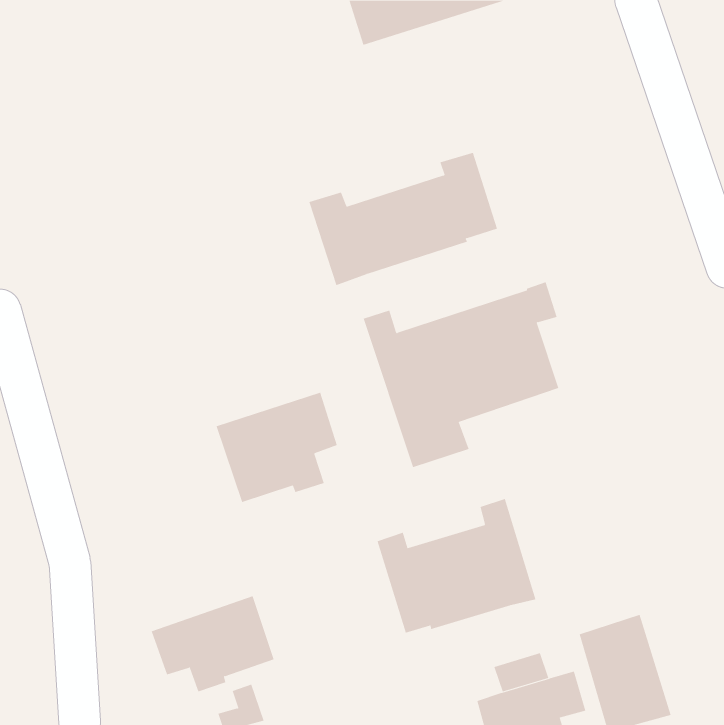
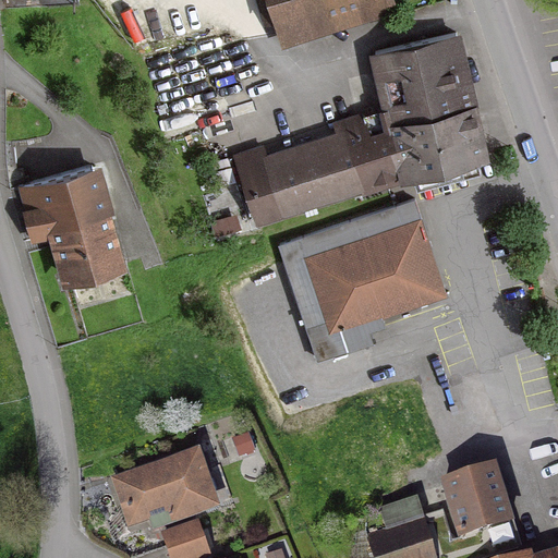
building: none -> [375,34,485,178]
building: none -> [21,167,120,279]
building: [216,392,338,503] -> none
building: [377,498,536,634] -> none

